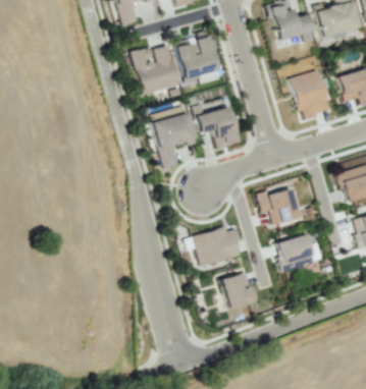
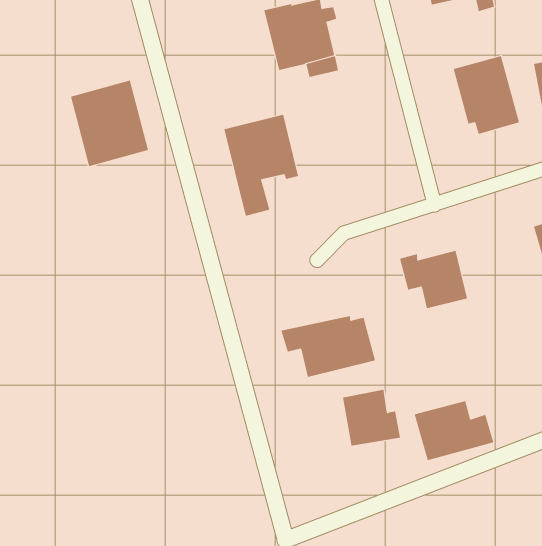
building: [132,43,179,96] -> [70,80,149,167]
building: [194,101,239,148] -> none
building: [275,234,324,271] -> [414,401,494,461]

